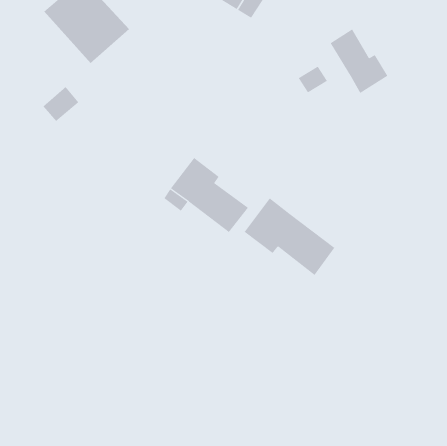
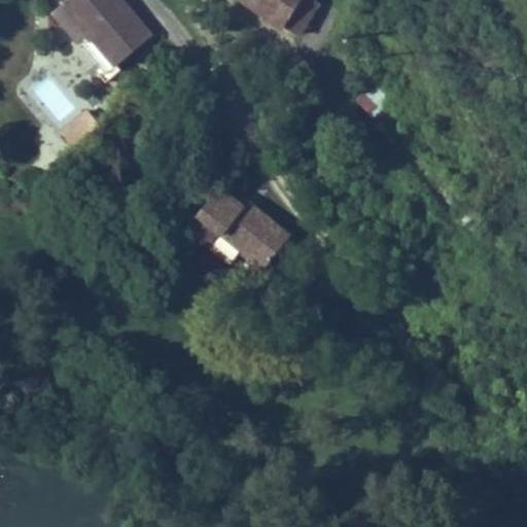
building: [330,29,388,94] -> none
building: [244,197,335,276] -> none

